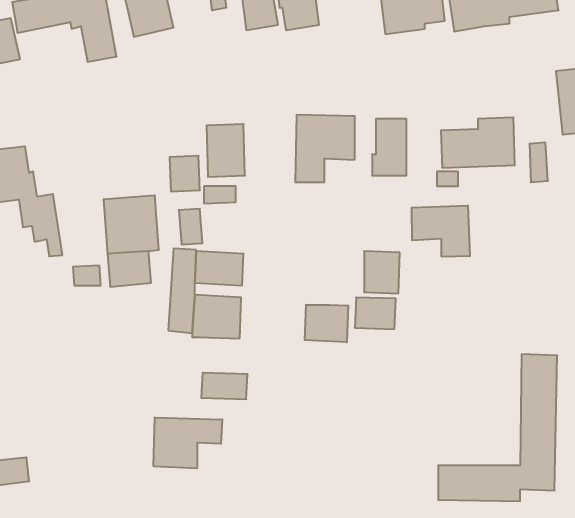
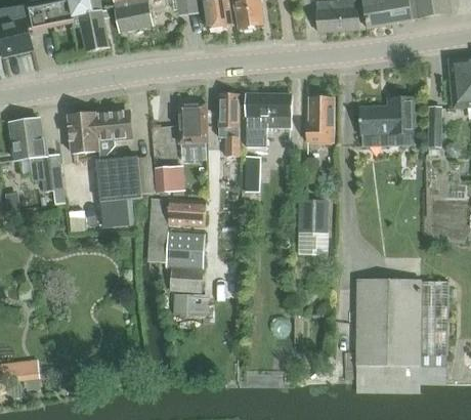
building: none -> [217,93,241,155]
building: none -> [69,111,131,157]
building: none -> [244,155,263,193]
building: [412,205,470,257] -> none
building: [305,305,348,342] -> none
building: none -> [170,265,203,292]
building: none -> [354,278,421,365]
building: [154,417,222,468] -> none

